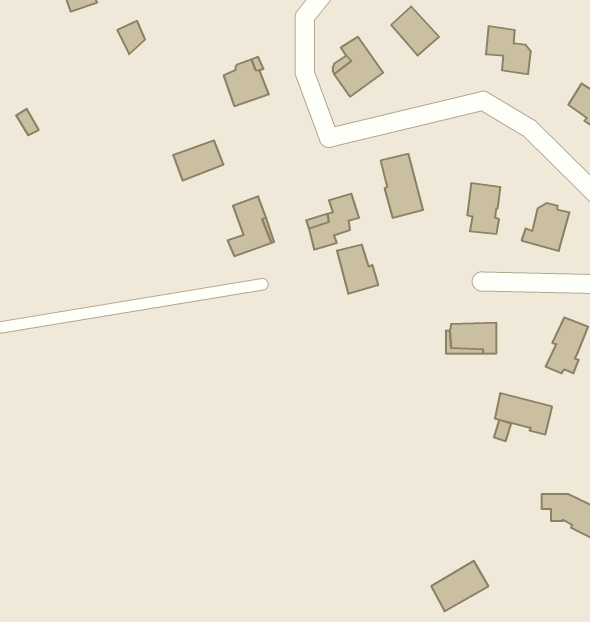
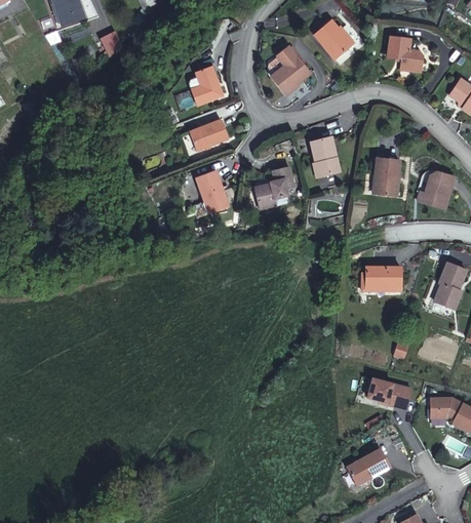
building: [173,141,224,180] -> [188,115,227,146]
building: [337,244,378,294] -> none
building: [495,393,552,434] -> [366,378,410,410]

